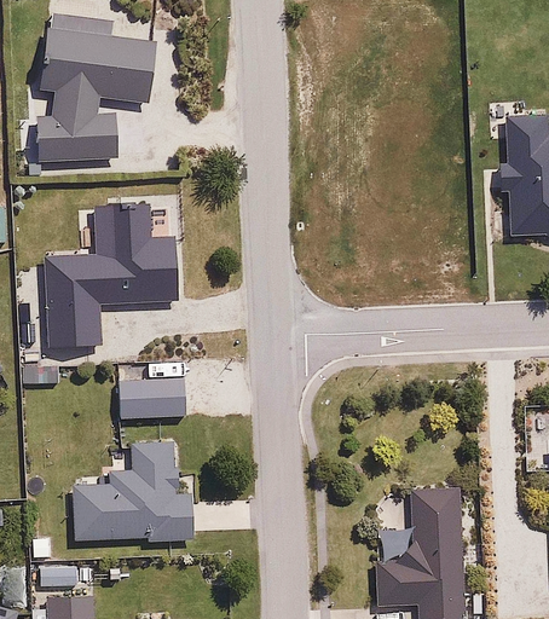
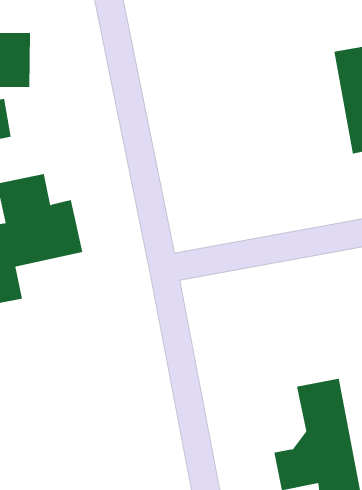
building: [117,377,187,420] -> none
building: [71,441,196,544] -> none

